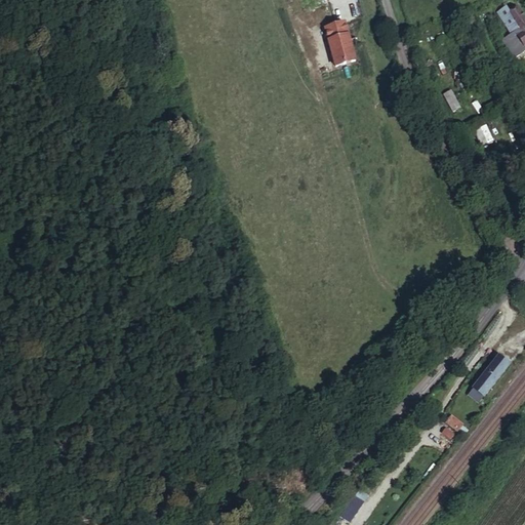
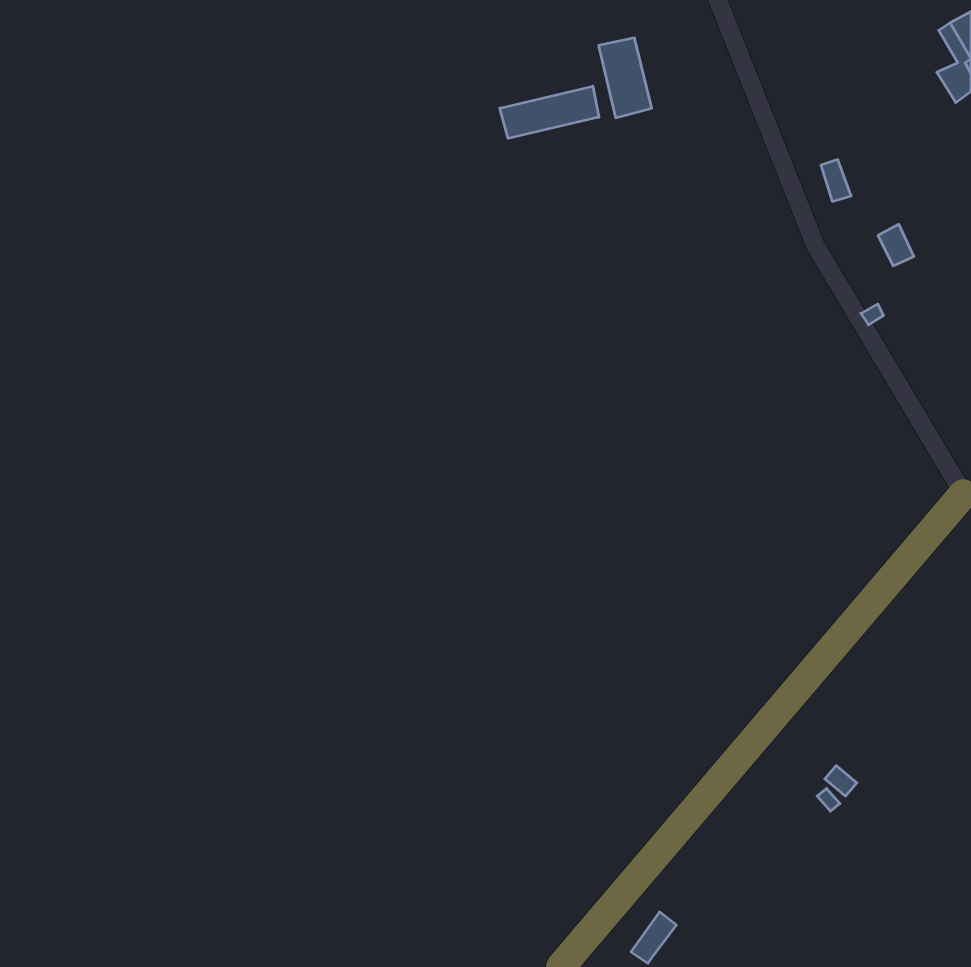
building: none -> [500,86,599,138]
building: [471,352,510,398] -> none

